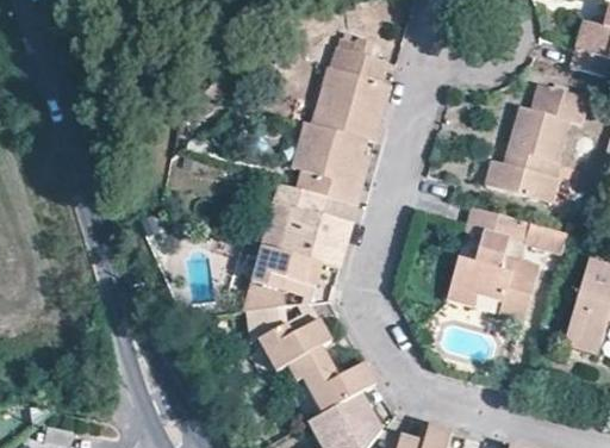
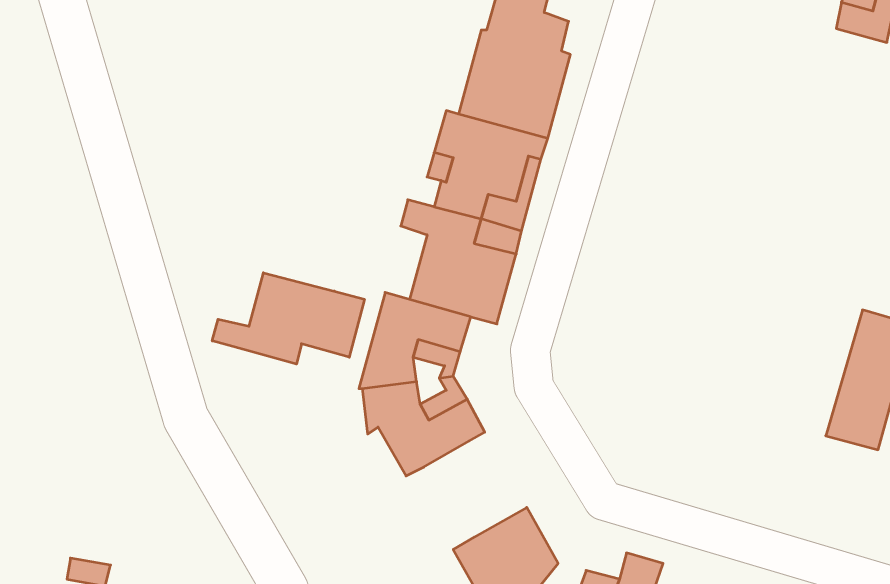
building: [486,82,589,201] -> none
building: [447,205,541,324] -> none
building: none -> [212,273,364,364]
building: [290,347,376,412] -> none

